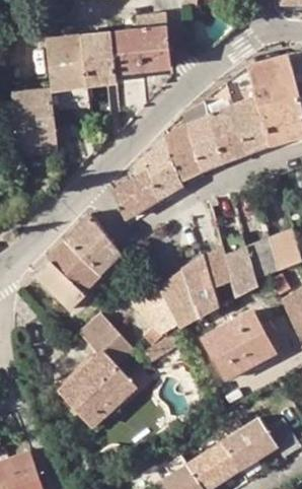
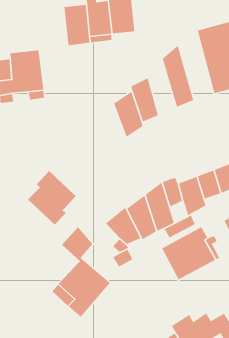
building: [46,36,86,89] -> none
building: [224,65,269,153] -> none
building: [183,100,222,170] -> none
building: [109,156,159,220] -> none
building: [63,214,119,273] -> none

